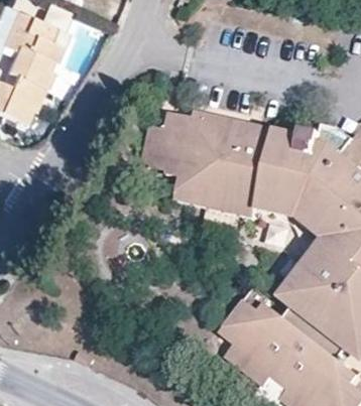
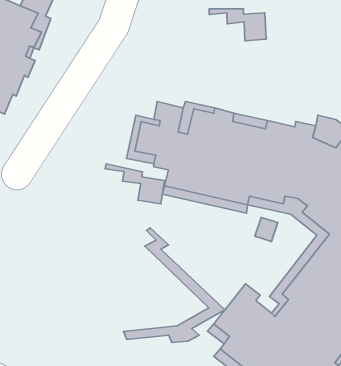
building: none -> [209,9,266,41]
building: none -> [105,164,164,204]
building: none -> [124,228,225,342]

